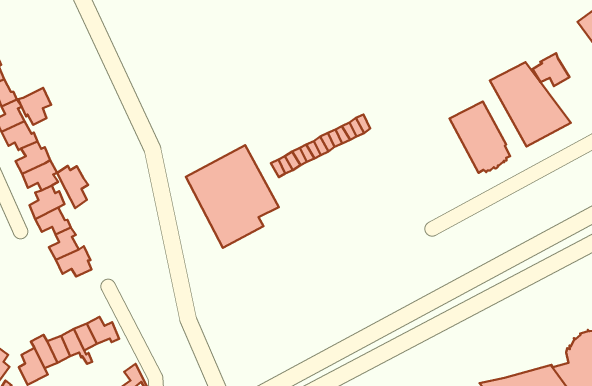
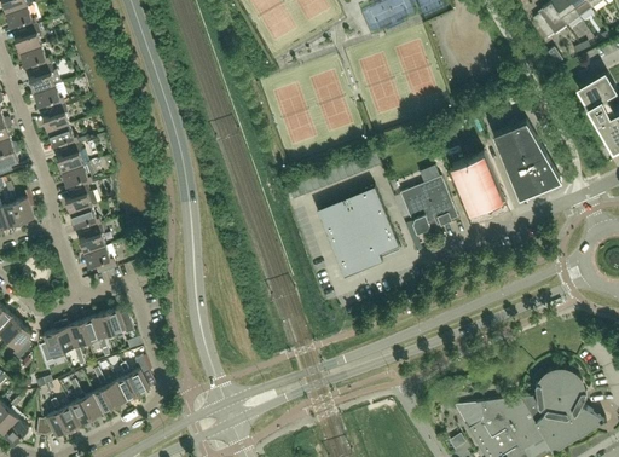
building: [533,53,570,86] -> none
building: [18,88,51,125] -> none
building: none -> [399,177,457,235]
building: [186,145,279,248] -> [317,186,398,277]
building: [57,166,88,208] -> none

